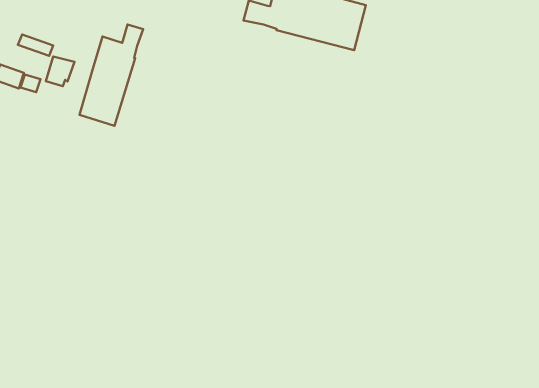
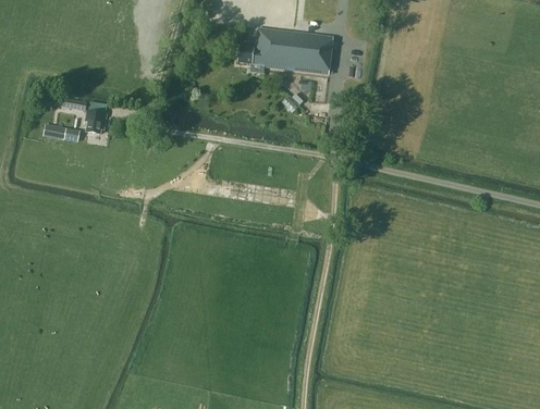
building: [80,25,143,126] -> none

